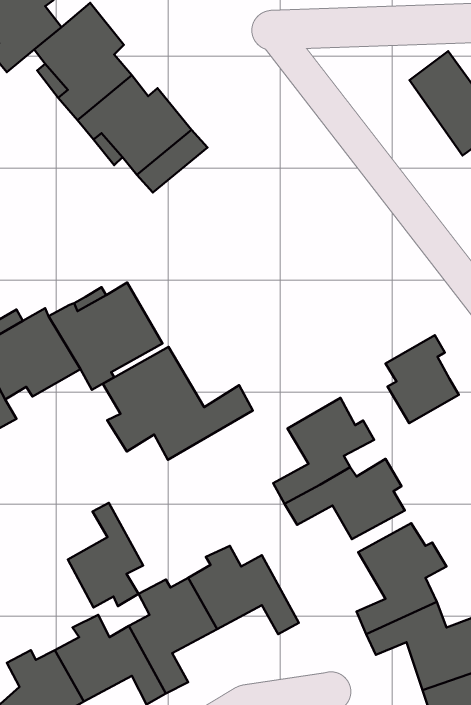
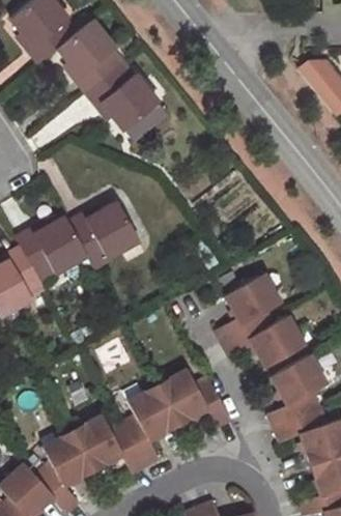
building: [385,335,459,423] -> none
building: [103,347,253,460] -> none
building: [68,503,143,608] -> none

